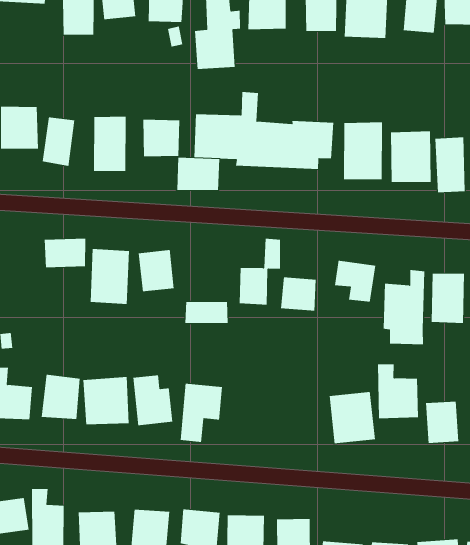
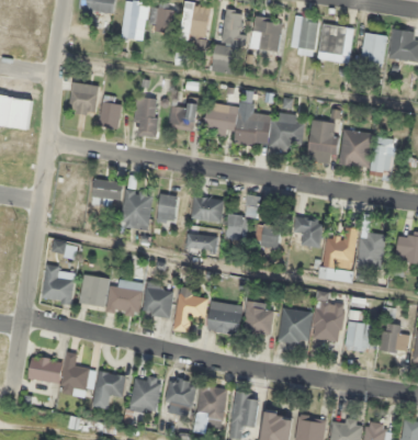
building: [176,157,220,190] -> [191,195,224,222]
building: none -> [244,302,274,336]
building: none -> [207,301,241,334]

